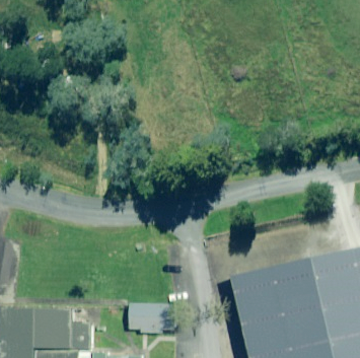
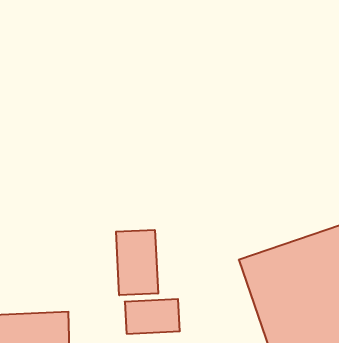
building: none -> [116,230,158,295]

